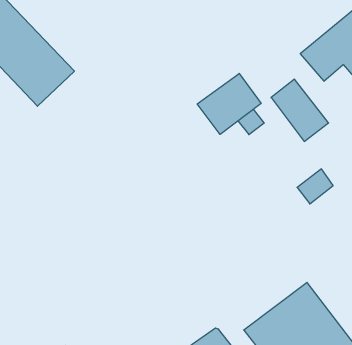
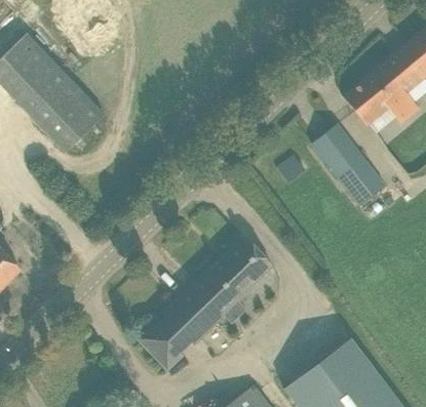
building: [197,73,261,134] -> none
building: [297,169,333,204] -> [347,169,385,206]
building: none -> [138,238,272,370]

